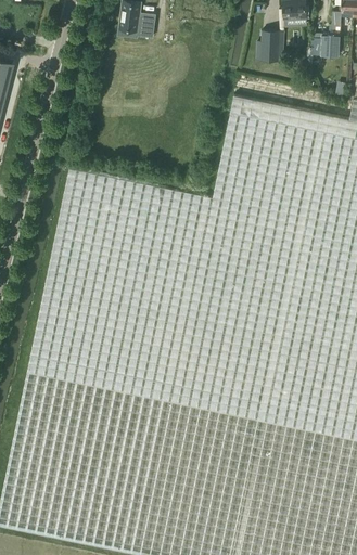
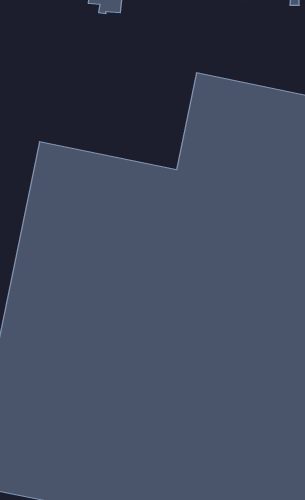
building: [257,33,280,61] -> none
building: [314,35,341,57] -> none

